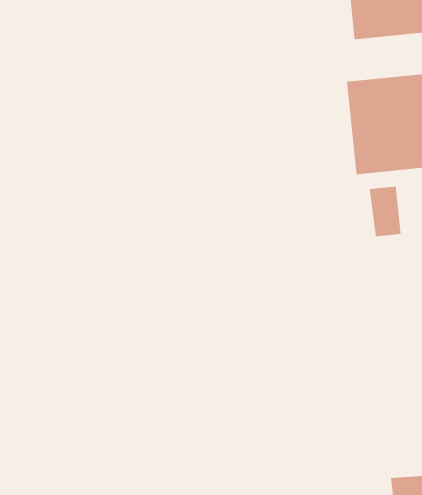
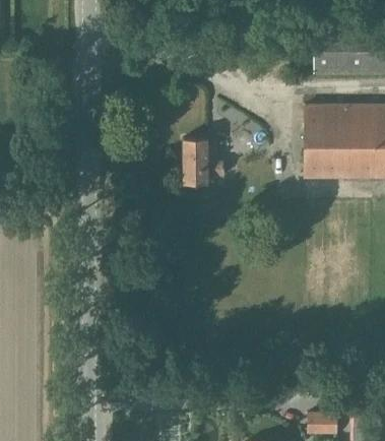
building: none -> [184,138,224,183]
building: [369,186,401,237] -> none

